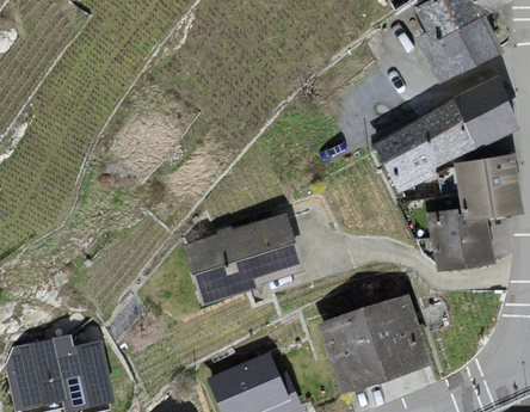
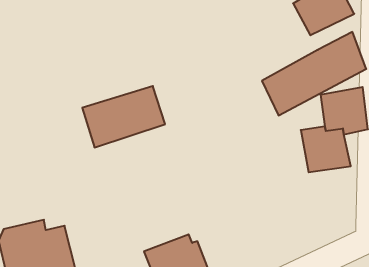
building: [187,216,302,301] -> [82,86,165,147]
building: [318,296,429,391] -> none

